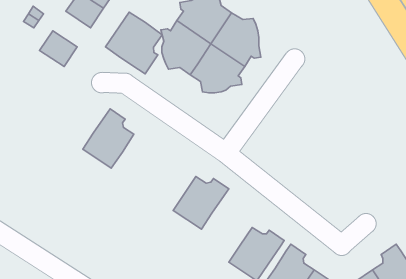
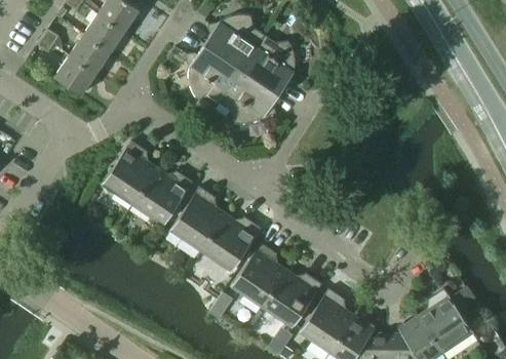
building: none -> [69,35,110,74]
building: [106,12,162,74] -> none
building: none -> [132,169,192,227]
building: none -> [169,188,225,252]
building: none -> [231,243,286,309]

